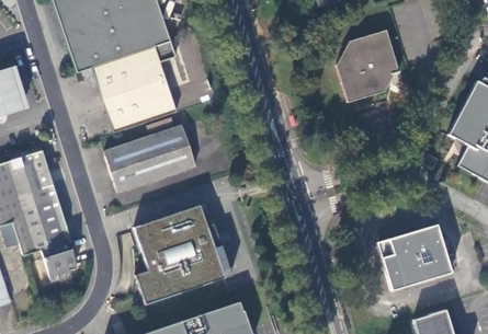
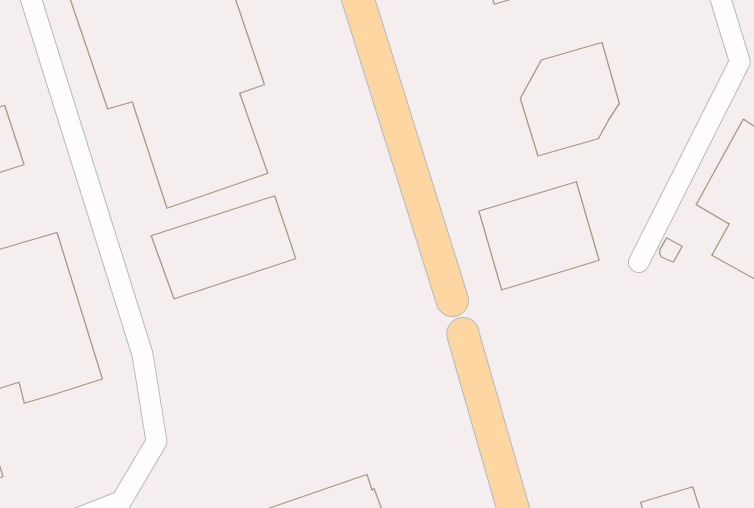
building: [135,201,225,302] -> none
building: [375,222,451,290] -> [479,182,599,290]
building: [43,242,77,281] -> none

